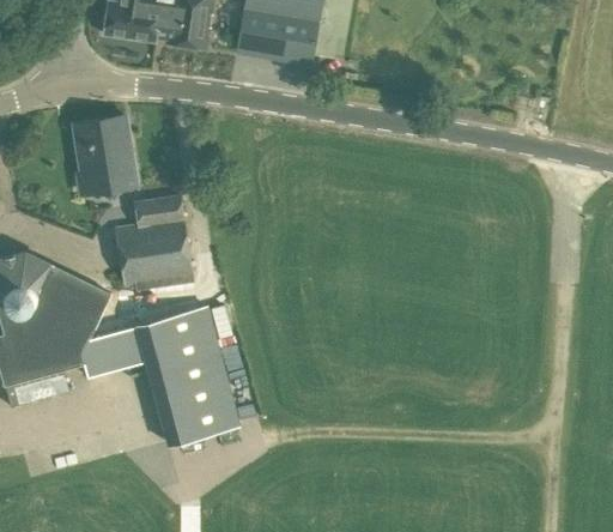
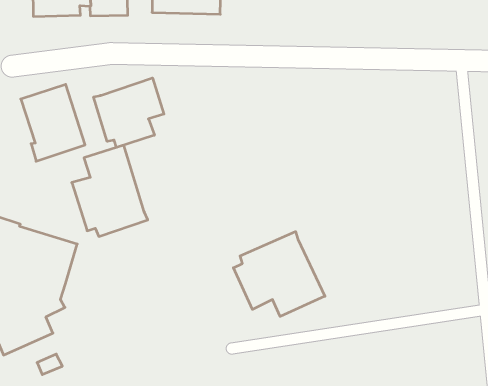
building: none -> [94,78,164,147]
building: [83,306,239,445] -> none
building: none -> [233,232,325,316]

